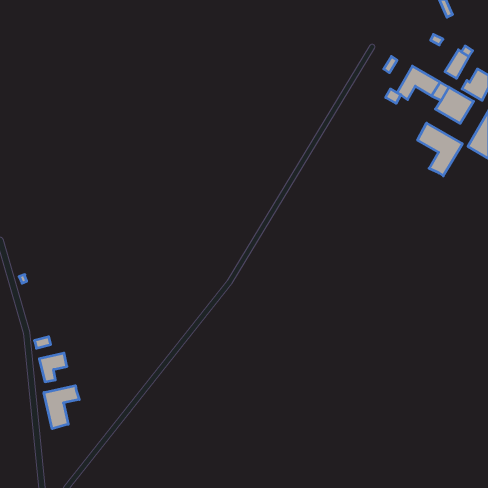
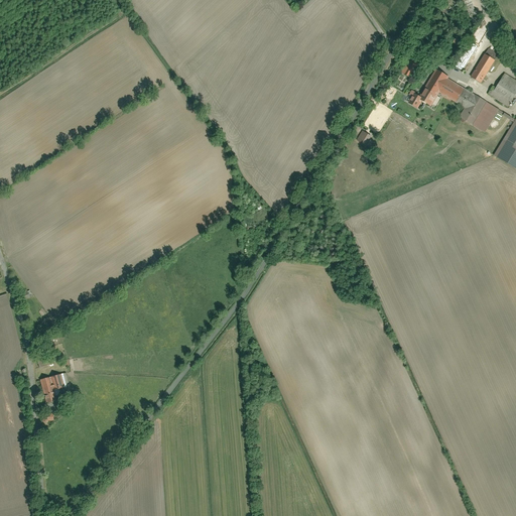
building: [418,123,462,176] -> none
building: [44,386,79,429] -> none

